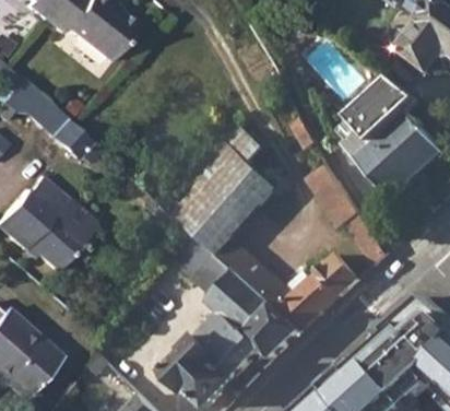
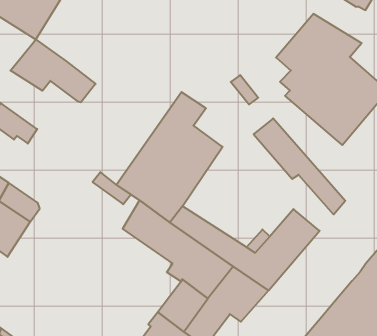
building: none -> [10,40,96,102]

